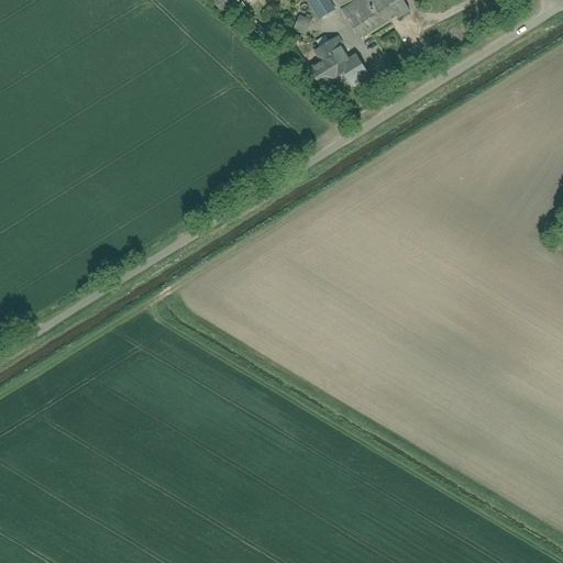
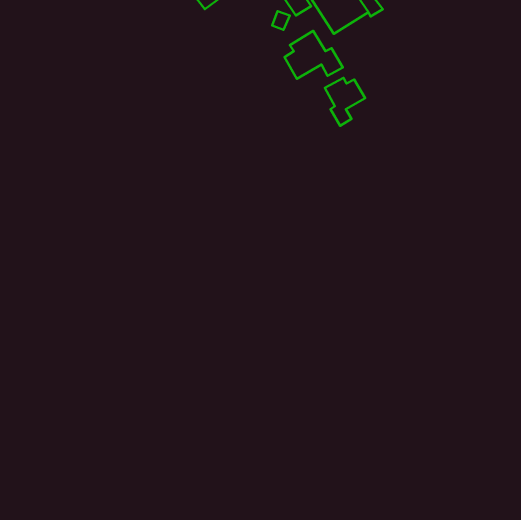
building: none -> [325,78,365,126]

